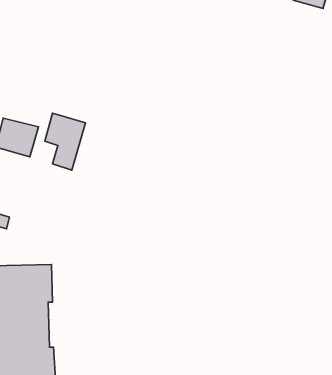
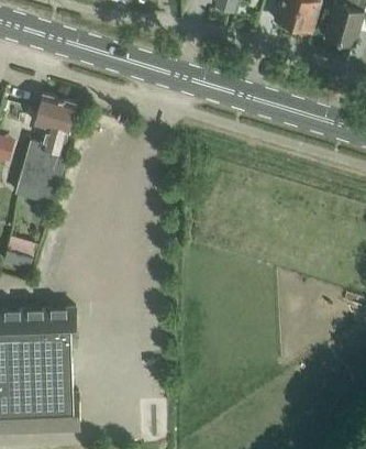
building: [45,113,86,170] -> [34,95,76,153]

